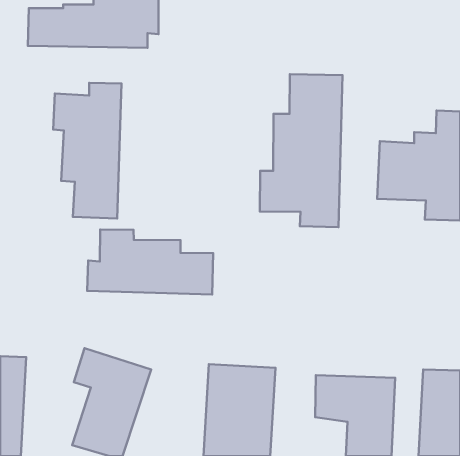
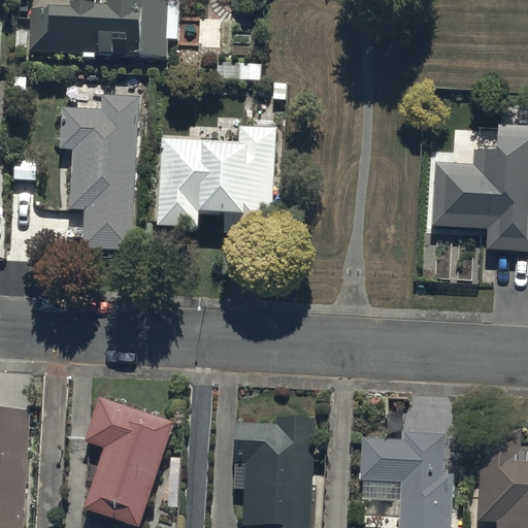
building: [260,74,343,227] -> none
building: none -> [159,124,274,235]
building: [87,229,213,294] -> none

